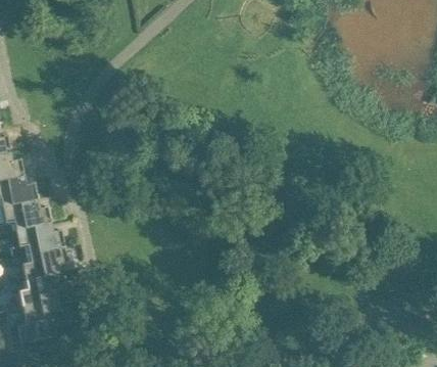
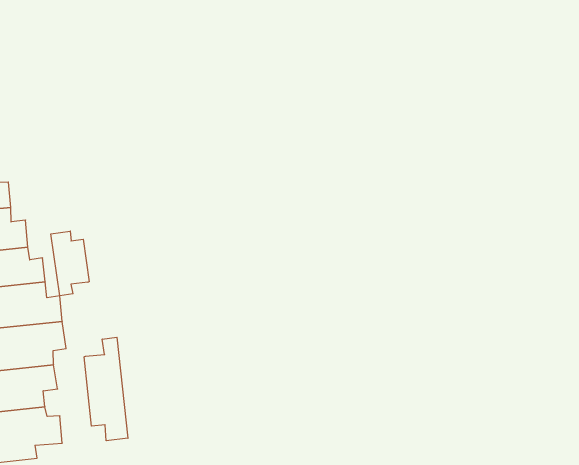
building: none -> [51,231,89,296]
building: none -> [84,337,128,441]

